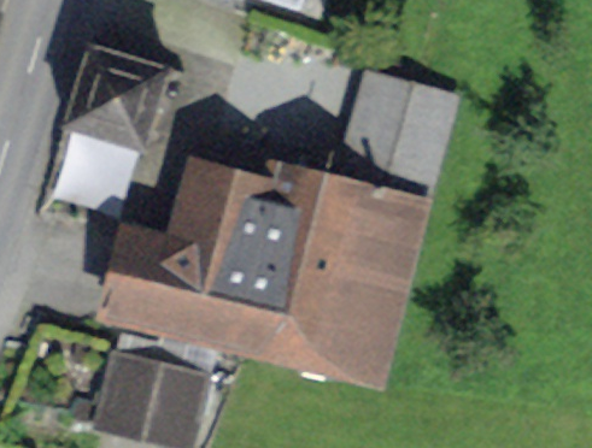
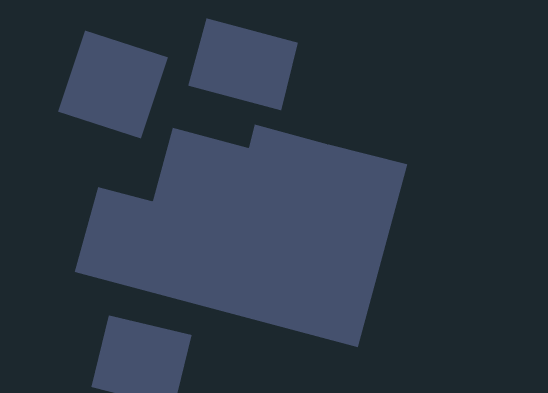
building: none -> [188,18,299,111]
building: [341,73,449,196] -> none

